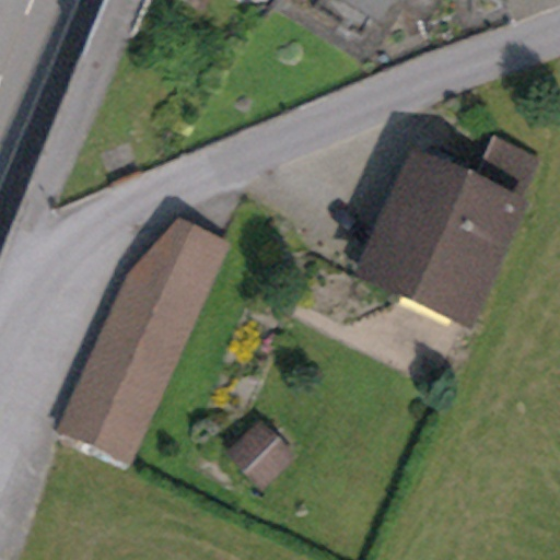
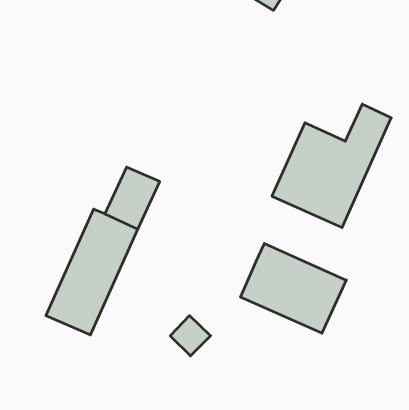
building: none -> [241,243,346,333]

